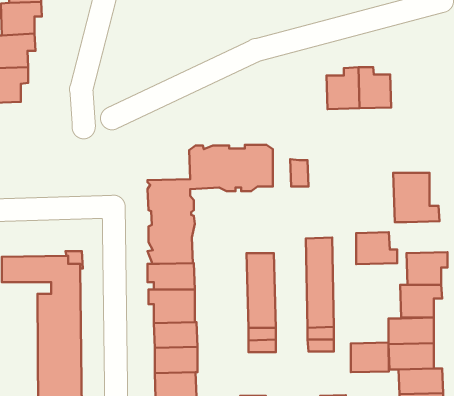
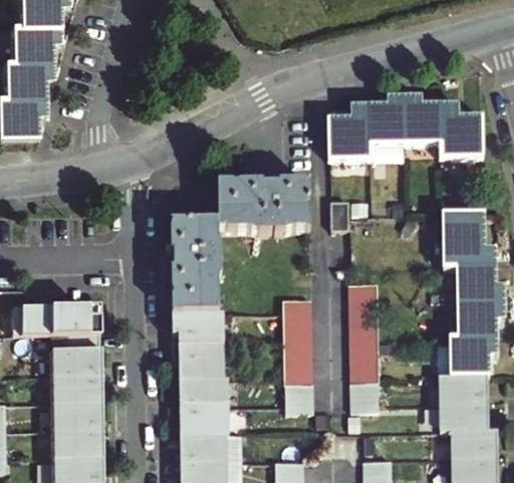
building: none -> [441,104,482,156]
building: none -> [330,106,371,160]
building: [356,232,397,264] -> [459,267,504,302]
building: [351,343,389,372] -> none

